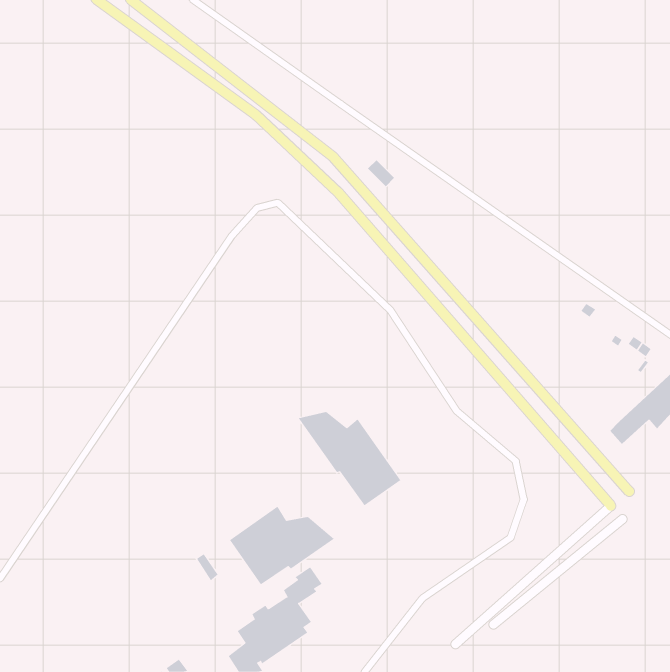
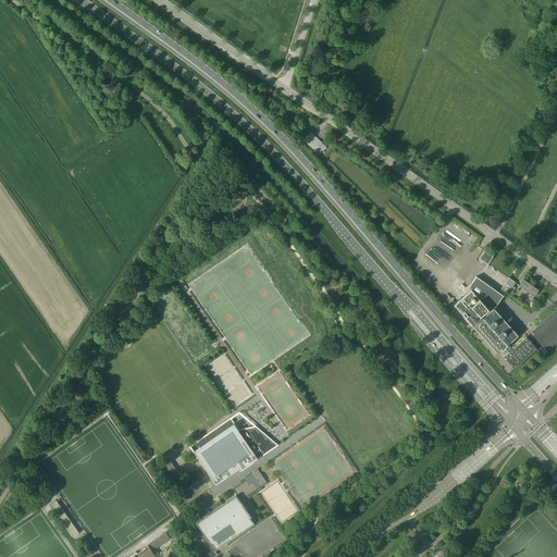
building: none -> [456,275,519,352]
building: [298,411,401,506] -> none

